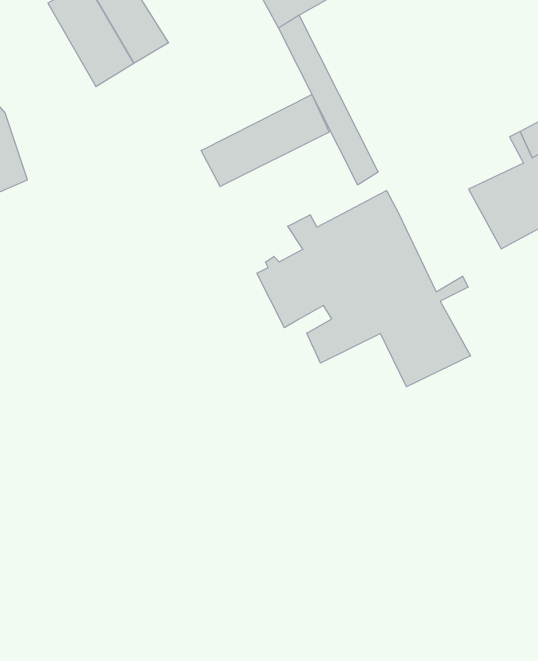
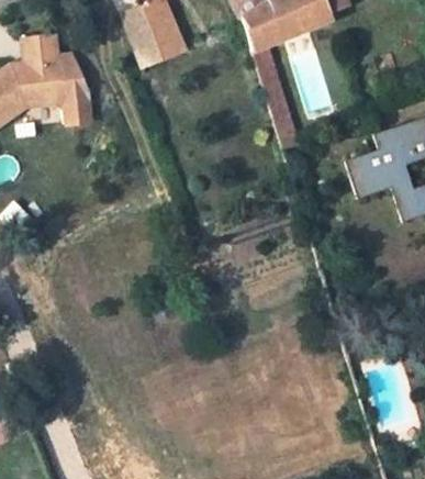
building: [201,94,329,187] -> none
building: [257,191,471,387] -> none

